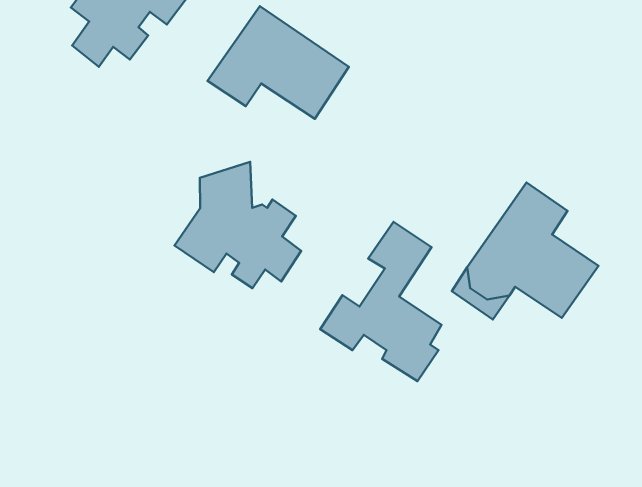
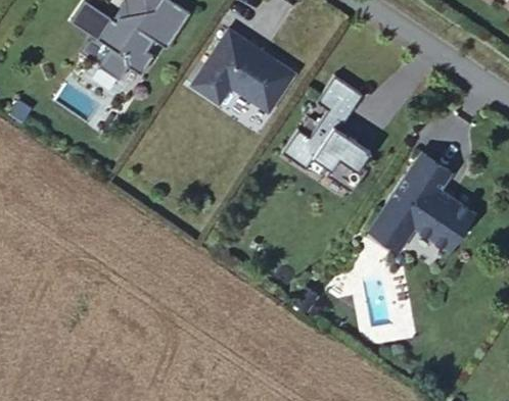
building: [174,162,301,288] -> none
building: [320,222,441,381] -> [282,78,370,193]

